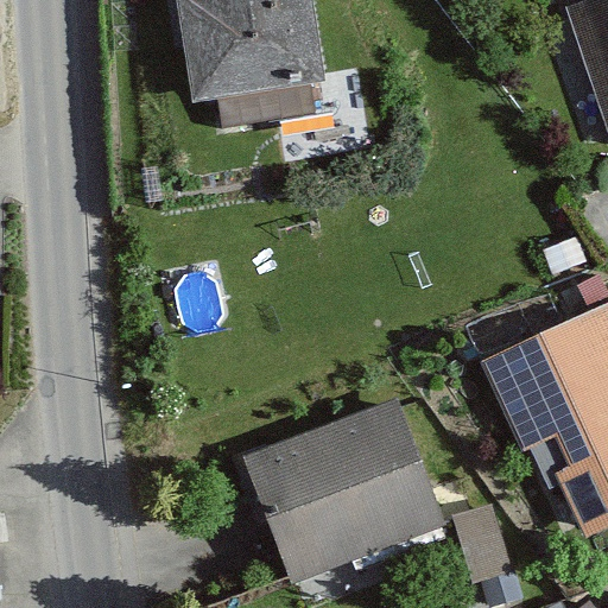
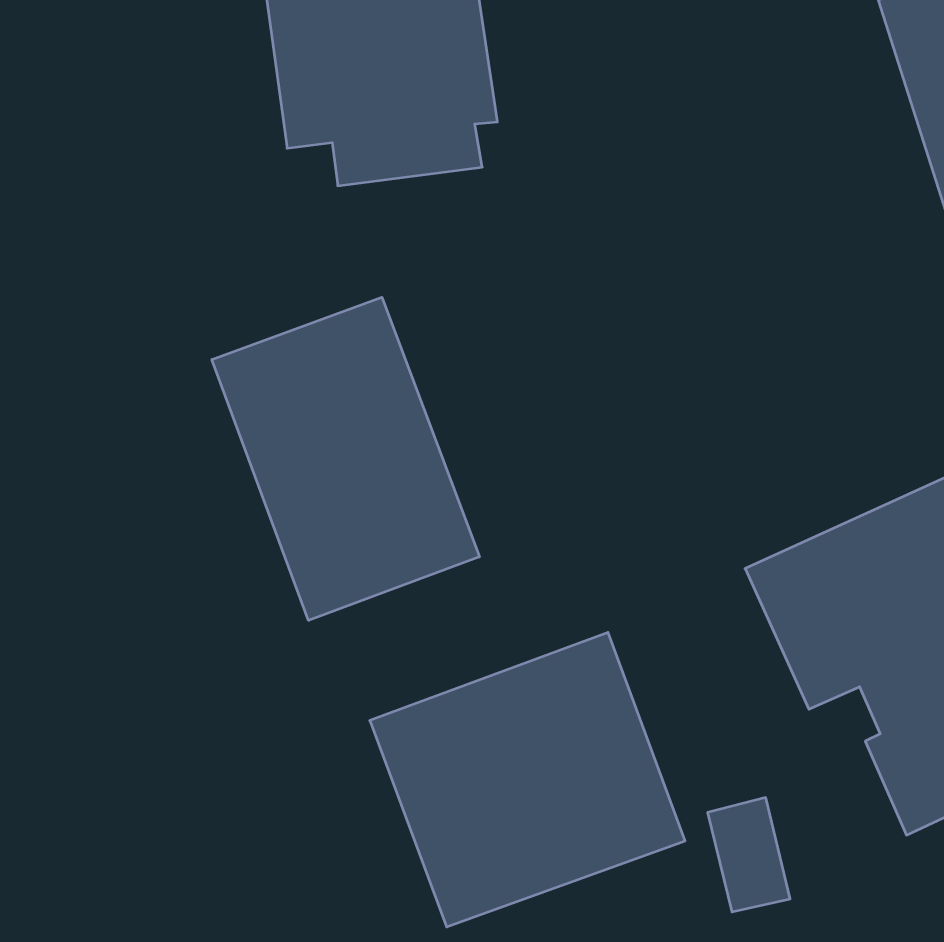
building: none -> [212,297,479,620]

